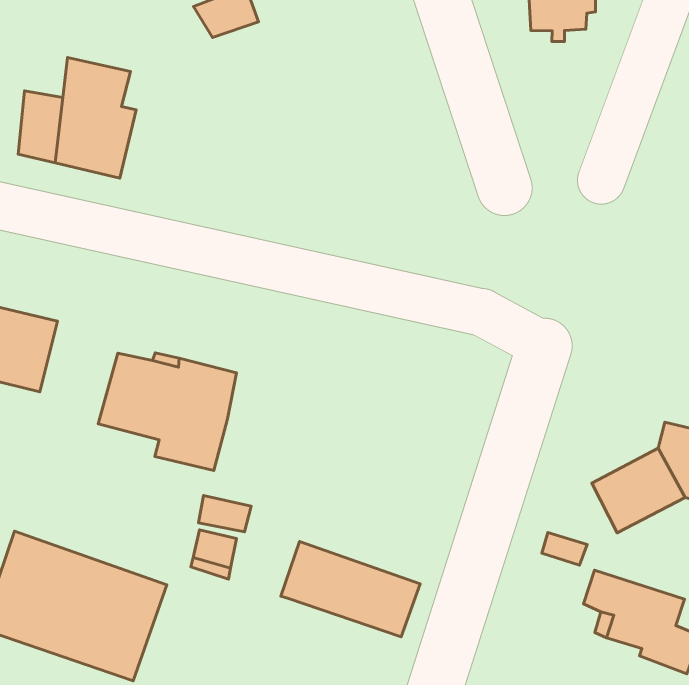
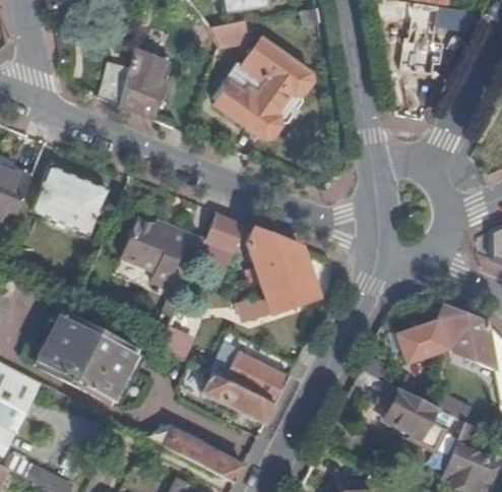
building: none -> [213,38,312,139]
building: none -> [194,211,246,278]
building: none -> [241,227,318,319]
building: none -> [204,373,274,423]

